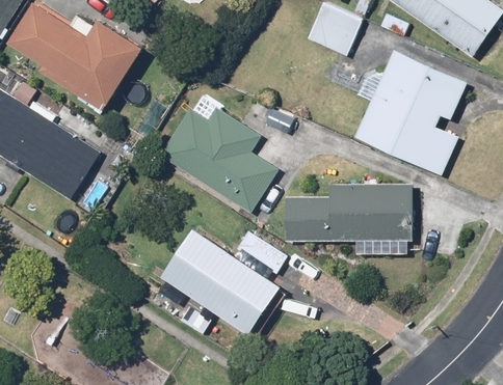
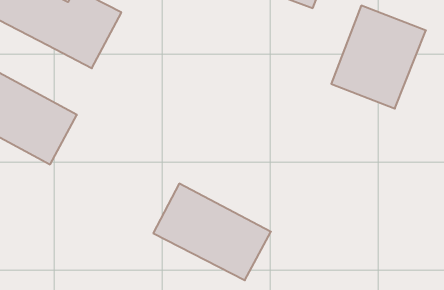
building: [159,100,283,212] -> none
building: [283,186,414,243] -> none

